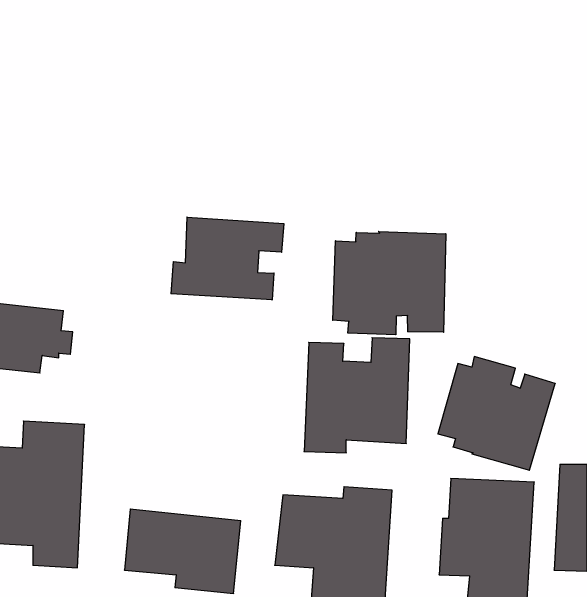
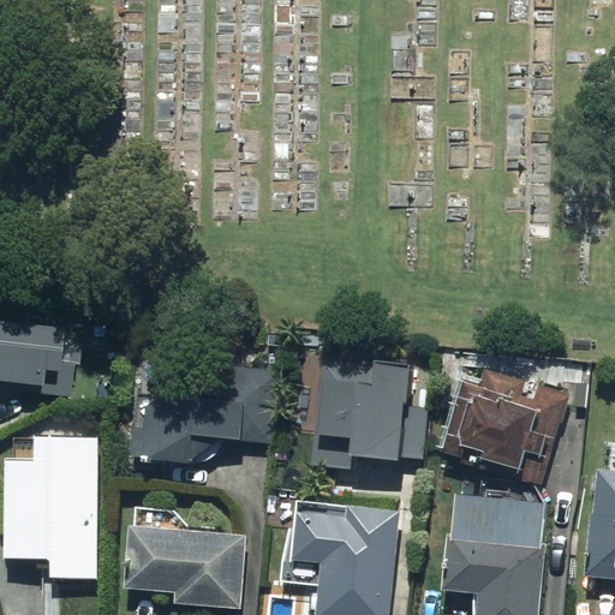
building: [171,217,284,300] -> none
building: [333,231,446,335] -> none
building: none -> [133,362,275,465]

